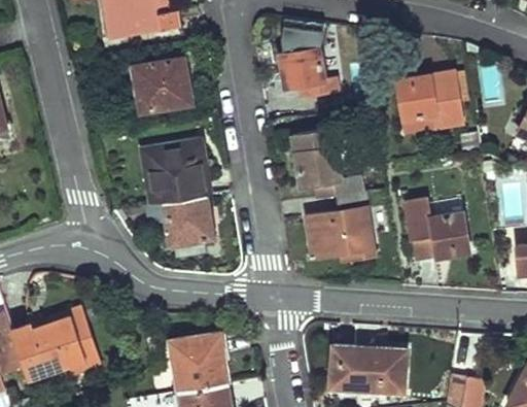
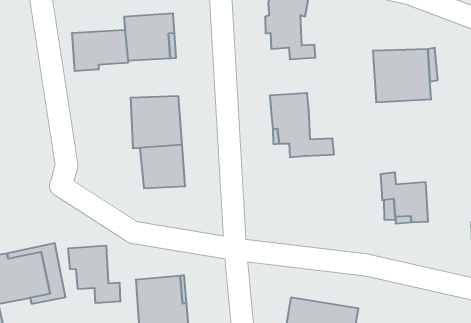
building: none -> [72,30,128,71]
building: [307,192,375,258] -> none
building: none -> [68,246,120,303]

